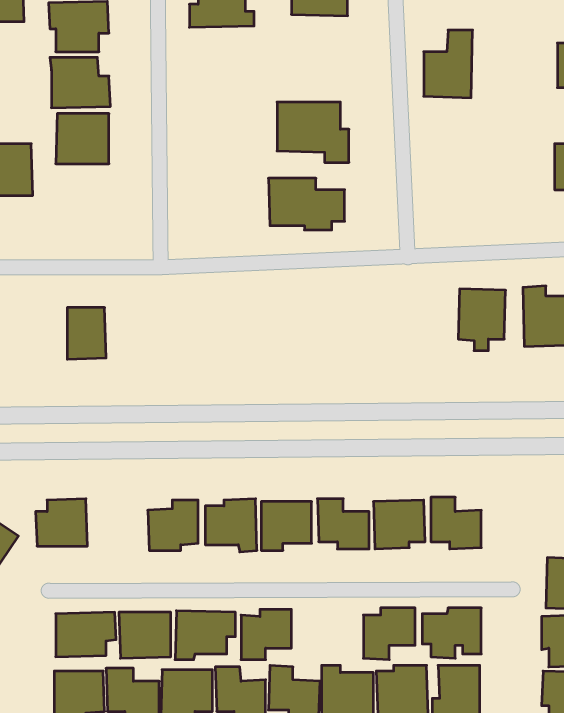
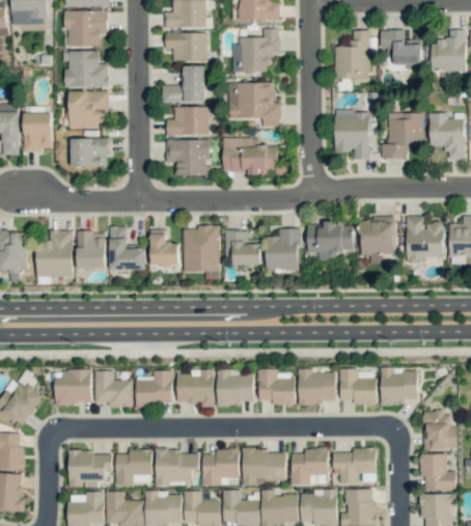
building: none -> [232,29,280,73]
building: none -> [381,30,422,65]
building: none -> [166,32,207,61]
building: none -> [163,65,205,103]
building: none -> [167,107,209,135]
building: none -> [335,110,370,160]
building: none -> [382,112,424,160]
building: none -> [72,138,108,167]
building: none -> [167,139,209,176]
building: none -> [308,221,355,259]
building: none -> [110,226,146,271]
building: none -> [184,227,220,272]
building: none -> [266,228,300,270]
building: none -> [150,229,179,266]
building: none -> [37,230,73,277]
building: none -> [225,231,261,265]
building: none -> [381,368,418,405]
building: none -> [95,370,133,407]
building: none -> [243,448,286,483]

